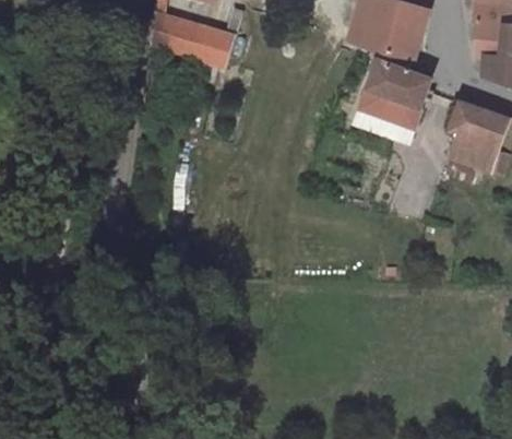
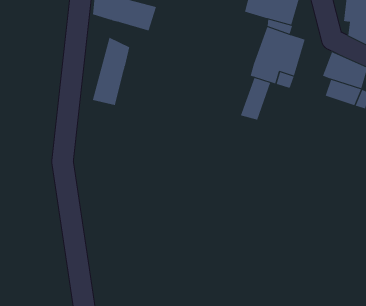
building: none -> [92,37,130,106]
building: none -> [240,77,271,121]

